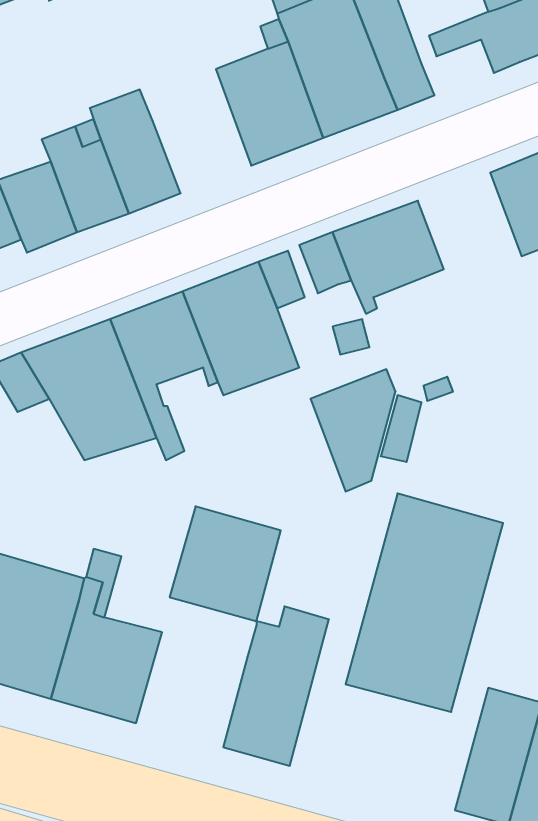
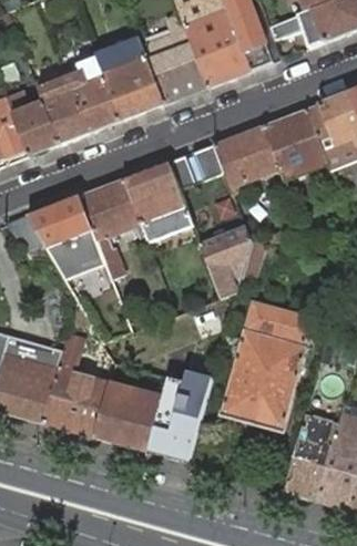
building: none -> [96,38,164,120]
building: none -> [264,107,327,177]
building: [170,506,281,621] -> [95,382,162,451]

